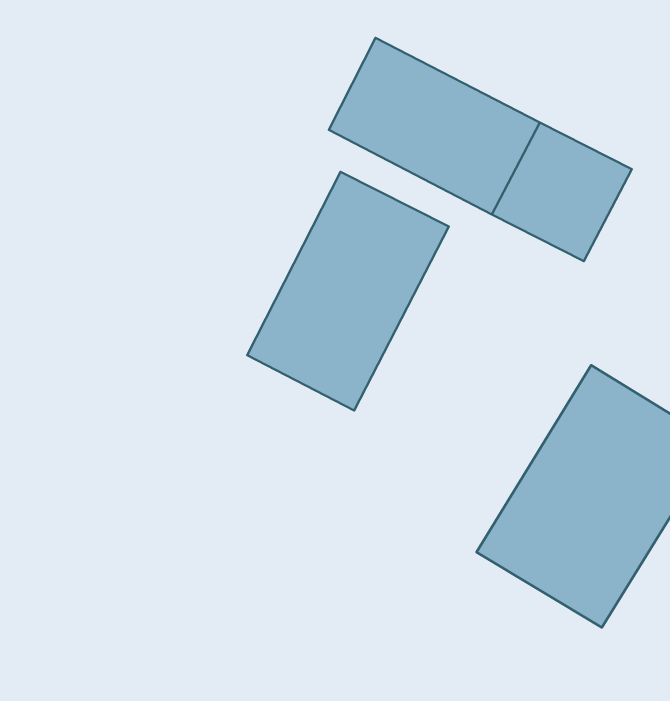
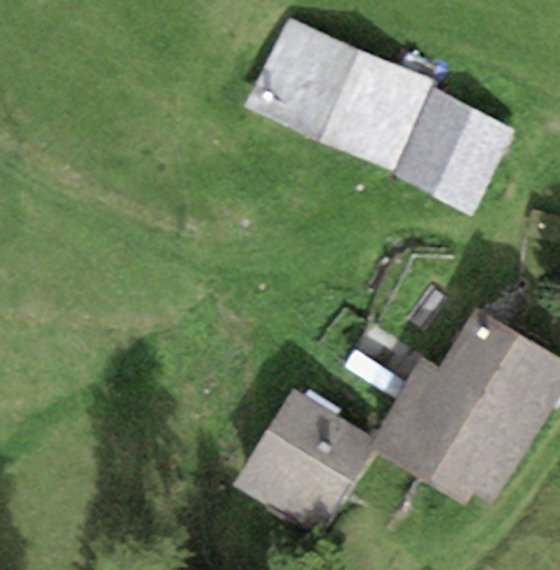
building: [247,172,449,411] -> none
building: none -> [238,383,376,524]

